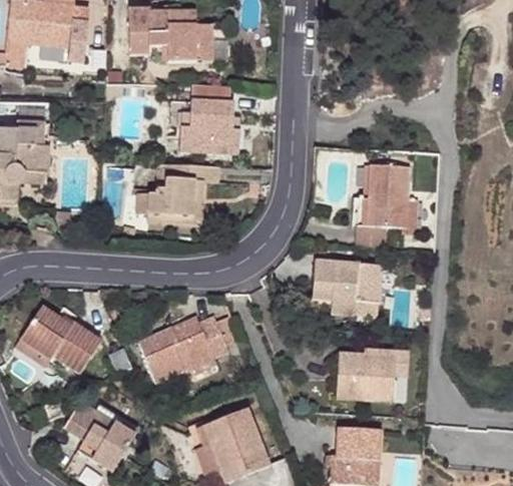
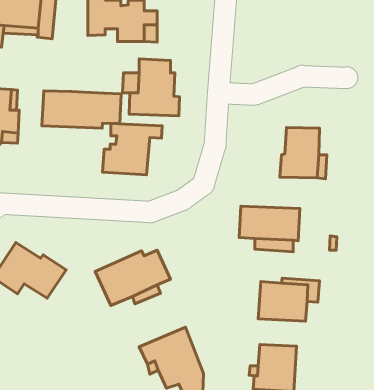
building: none -> [42,91,121,128]
building: [62,401,135,470] -> none

